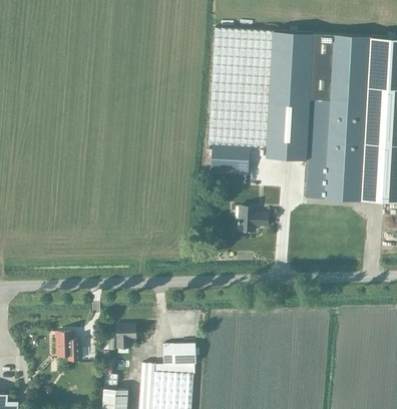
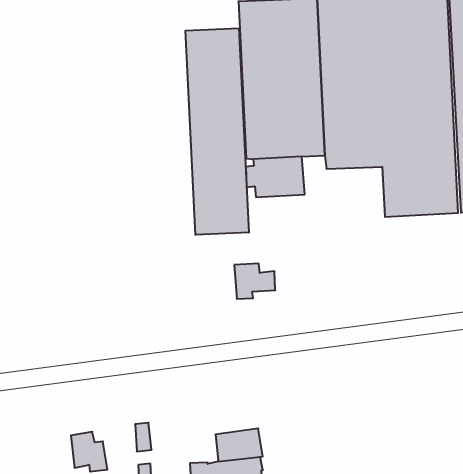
building: none -> [186,28,249,235]
building: [239,206,269,232] -> [234,264,275,299]
building: [117,326,136,349] -> none

